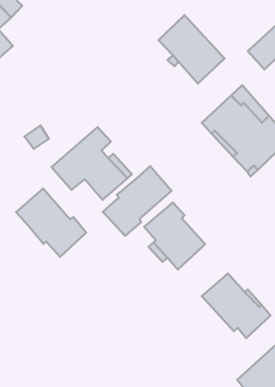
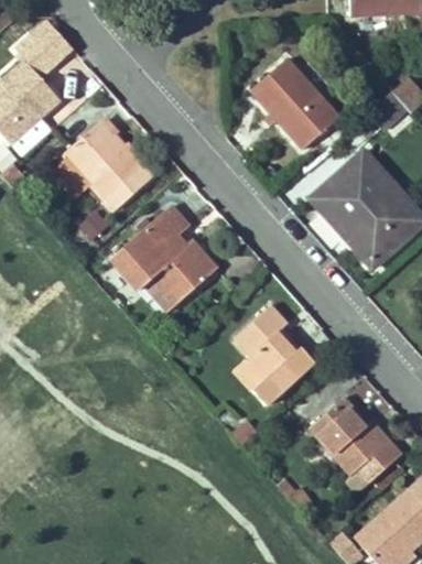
building: none -> [64,120,151,210]
building: [103,166,172,236] -> none
building: [16,189,86,257] -> none

